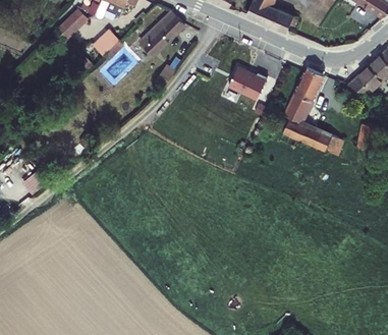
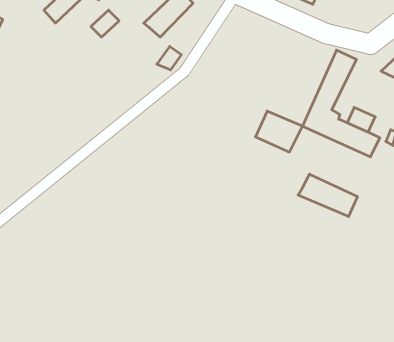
building: [223,63,264,99] -> [255,111,302,152]
building: none -> [298,174,357,217]

